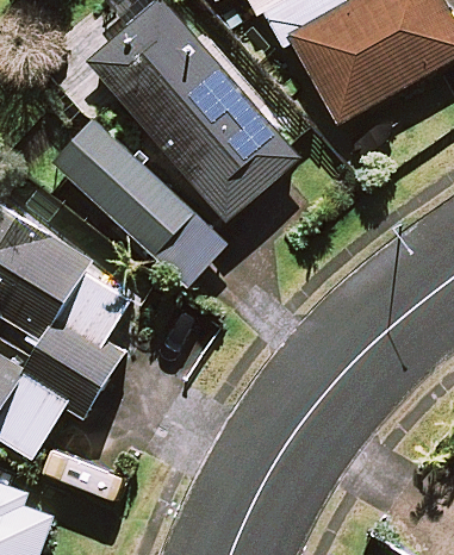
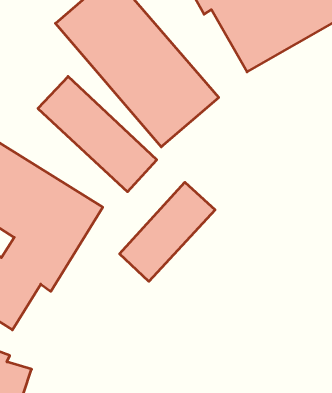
building: none -> [120,182,215,281]

